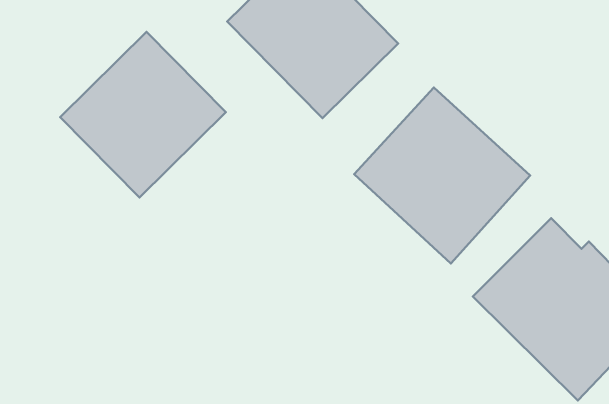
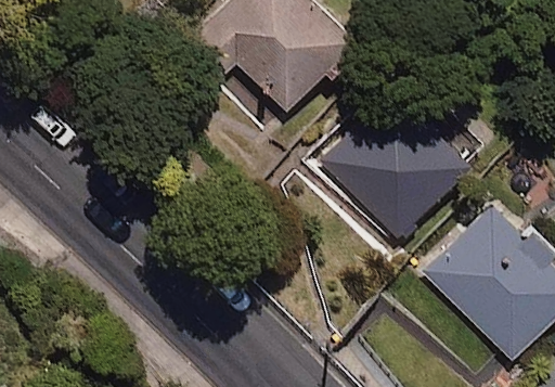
building: [60,32,226,198] -> none

